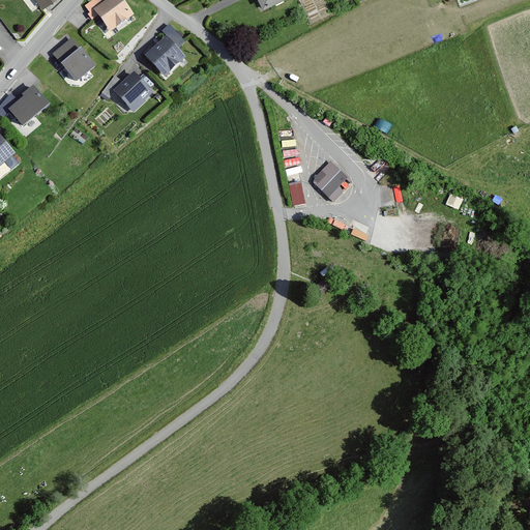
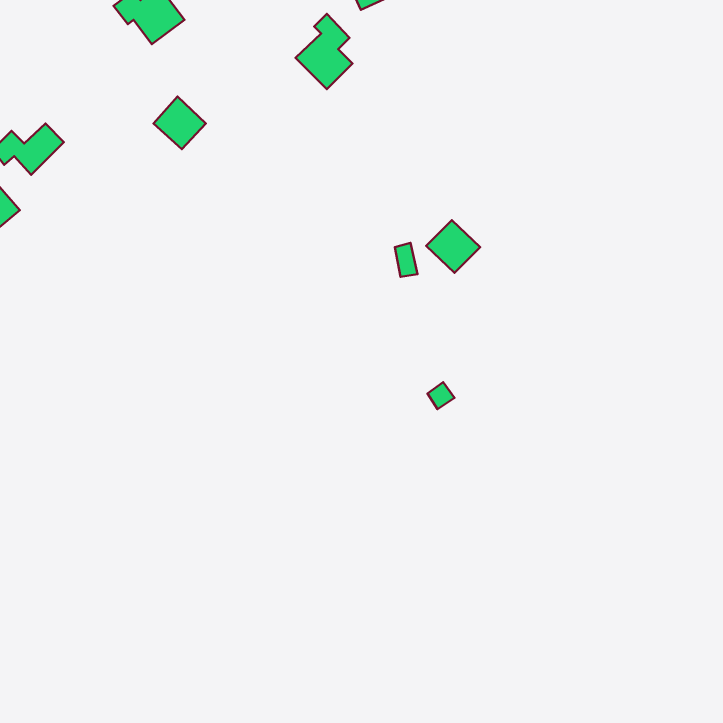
building: [144,21,185,76] -> [296,14,352,89]
building: [51,36,96,82] -> none

